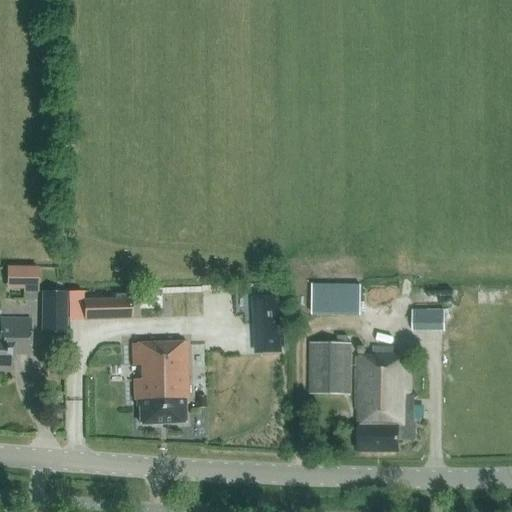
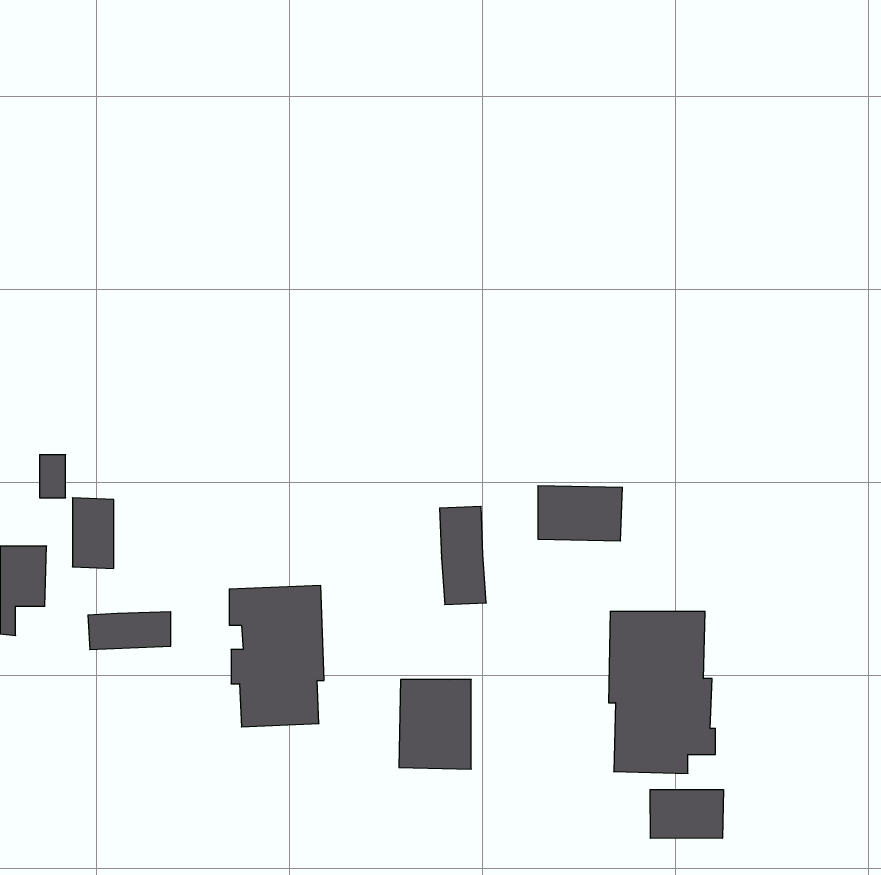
building: [83,296,131,318] -> [88,612,171,650]
building: [411,308,444,329] -> none
building: [307,340,349,392] -> [399,680,471,769]
building: none -> [650,790,723,838]

